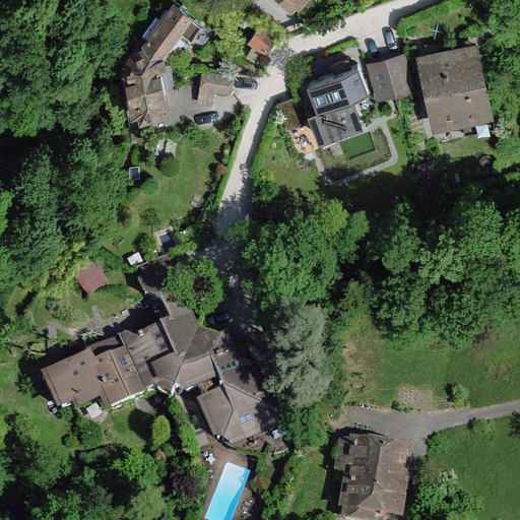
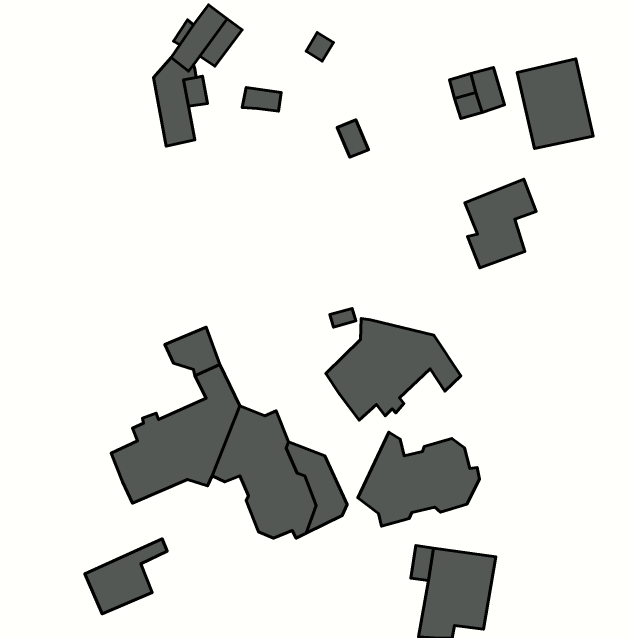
building: [306,64,364,136] -> [465,179,536,268]
building: none -> [326,319,461,420]
building: [45,348,112,409] -> [85,539,167,614]
building: none -> [358,432,479,526]

